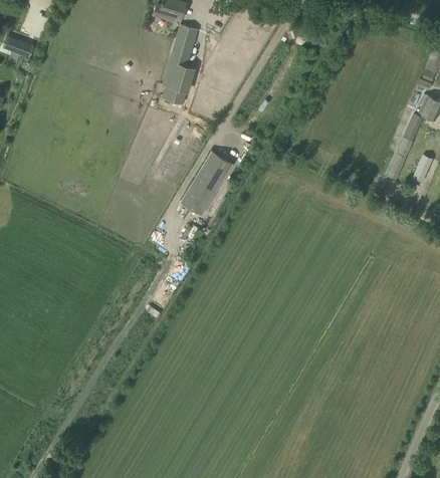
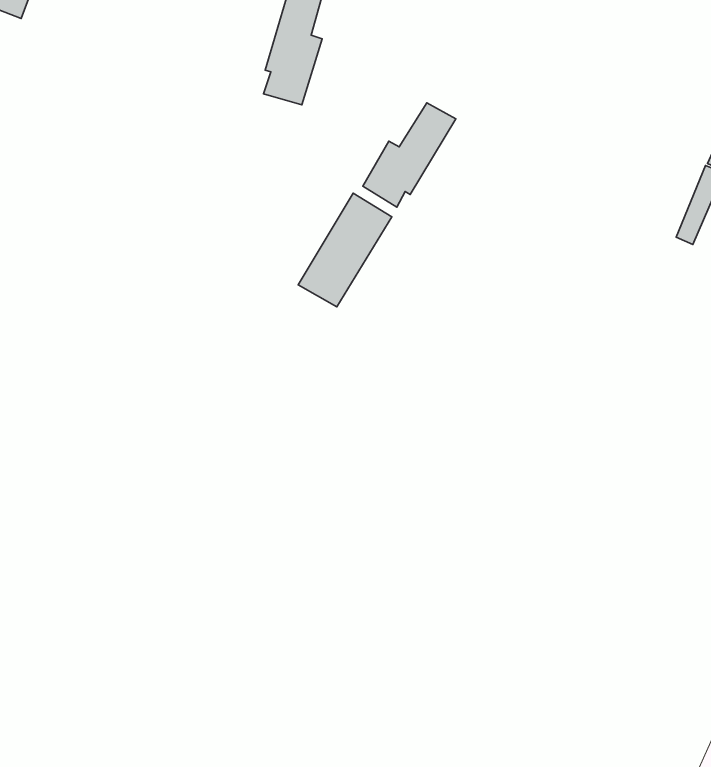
building: none -> [363,103,456,207]

